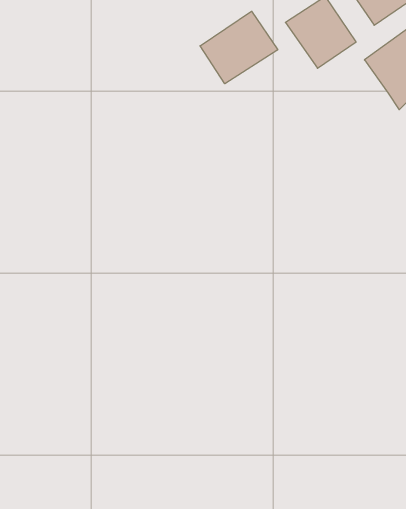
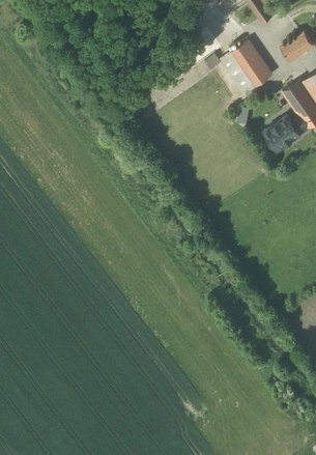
building: [200,11,278,84] -> none
building: none -> [264,114,308,147]

